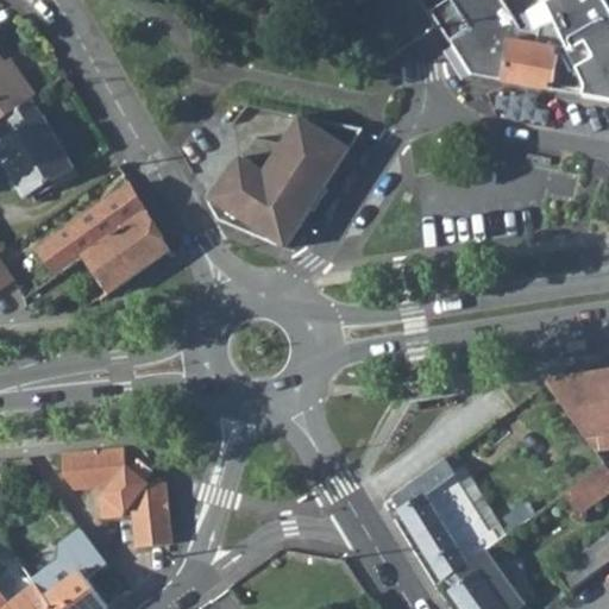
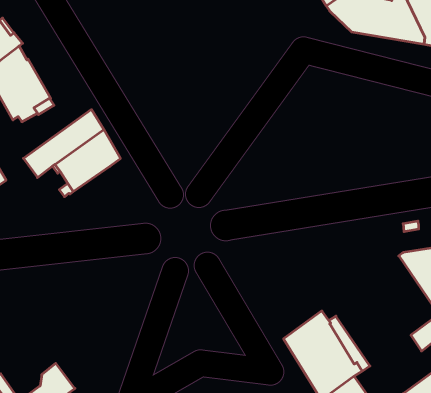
building: [207,117,362,249] -> none
building: [62,448,171,547] -> none

